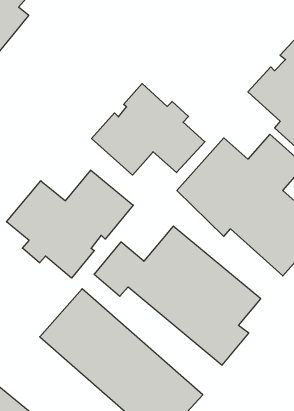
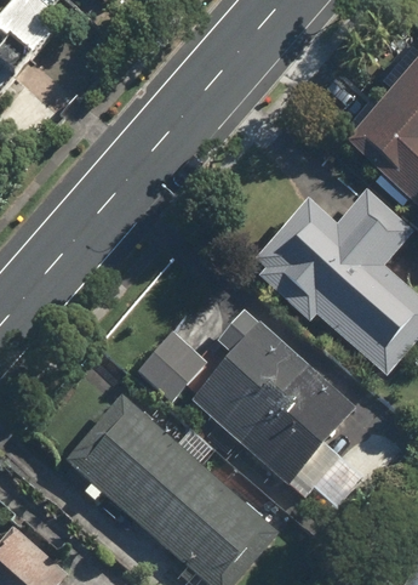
building: [92,84,205,175] -> none
building: [6,170,133,278] -> none

